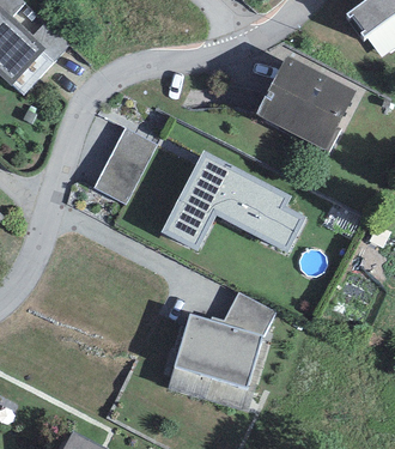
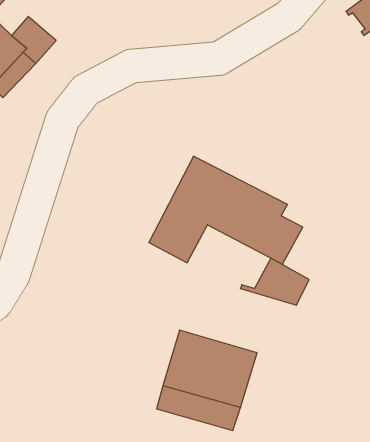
building: [256,55,354,151] -> none
building: [93,127,156,202] -> none
building: [209,291,274,335] -> [240,258,309,305]

